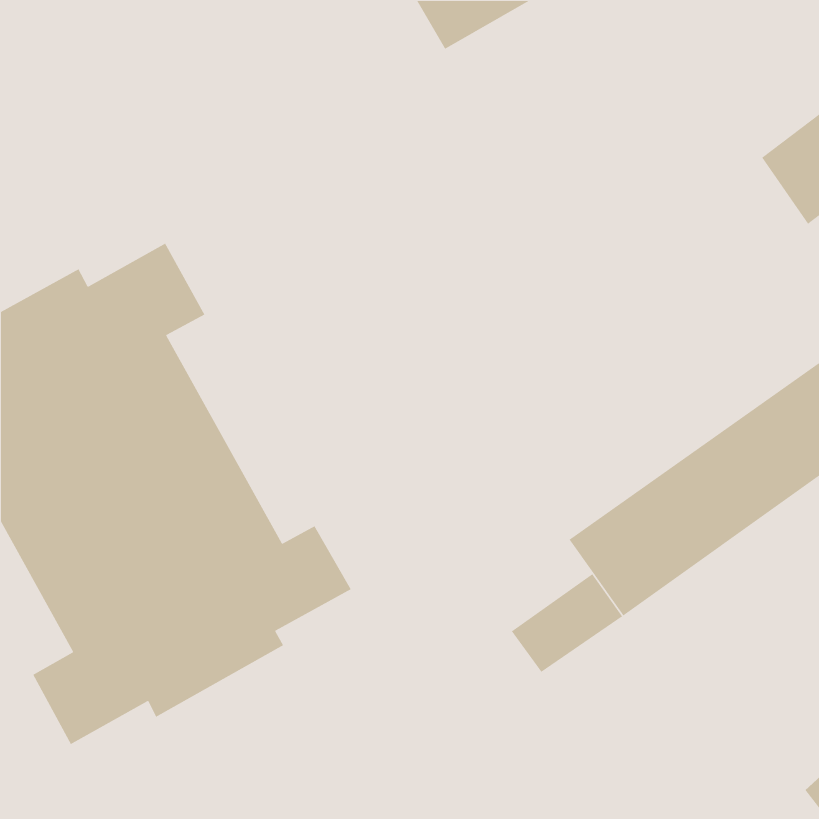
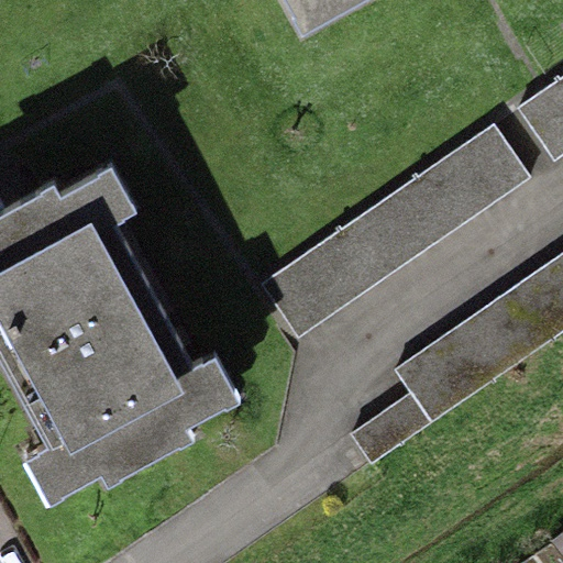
building: none -> [257,128,523,340]

